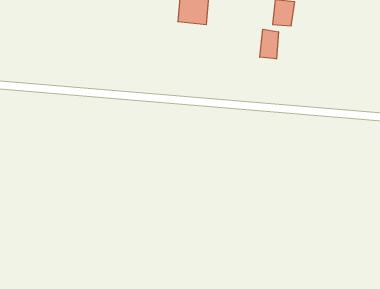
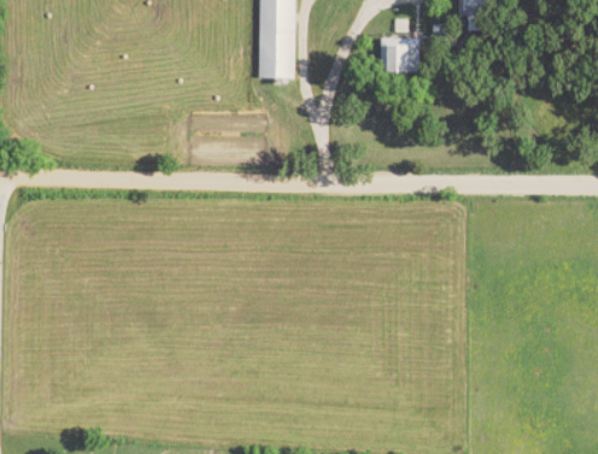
building: [260,29,278,59] -> none

